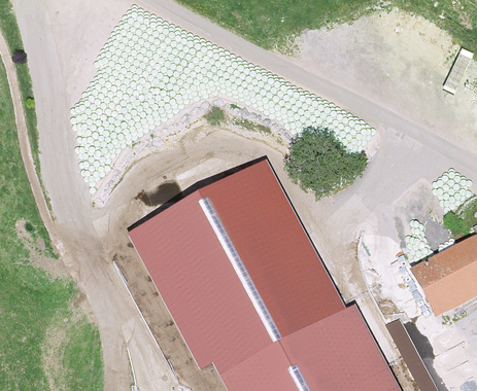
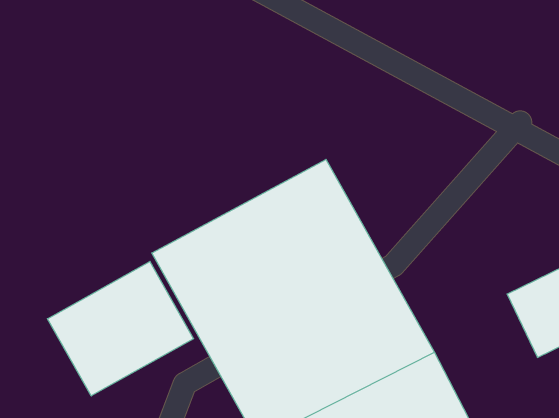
building: none -> [47,261,194,396]

